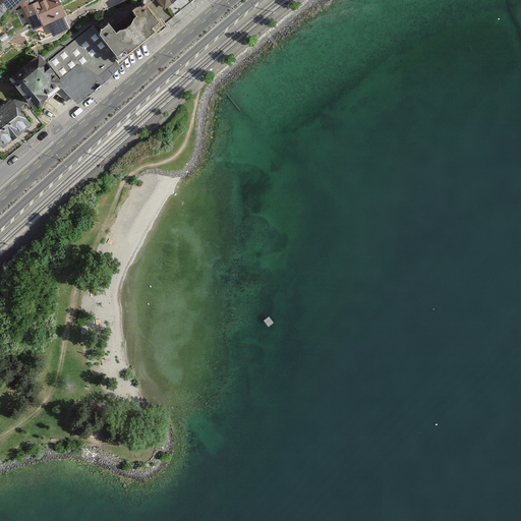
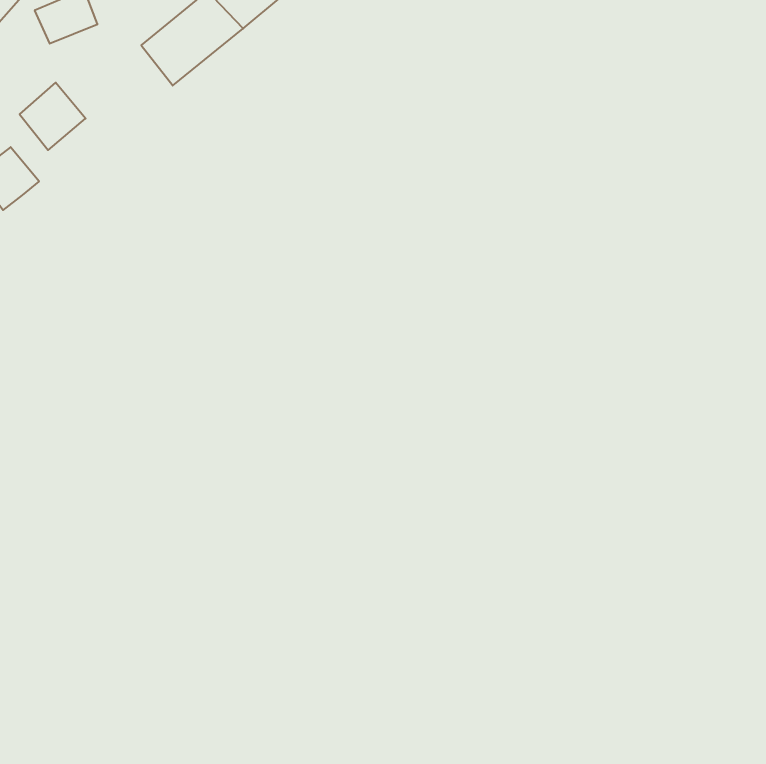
building: [47,24,121,103] -> none

